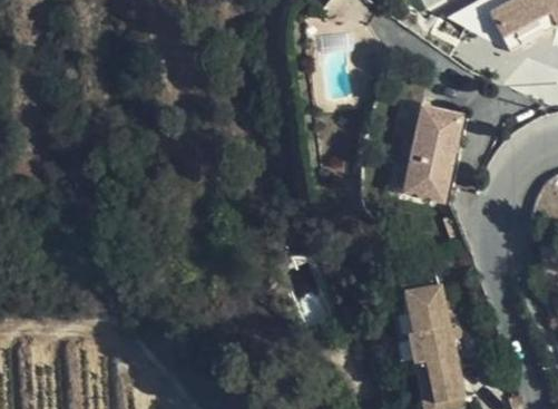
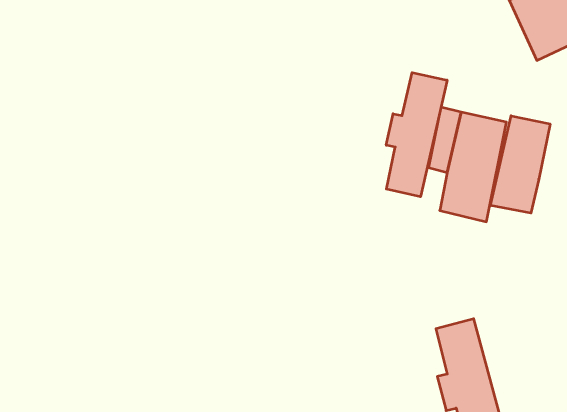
building: none -> [386,73,447,197]
building: none -> [491,116,550,213]

